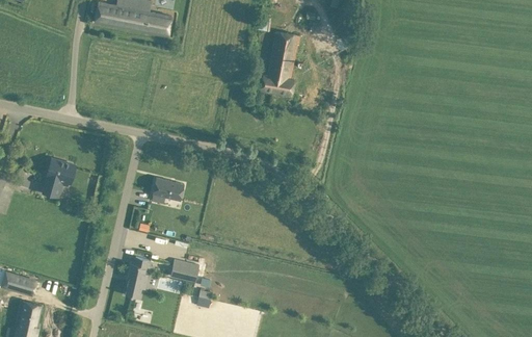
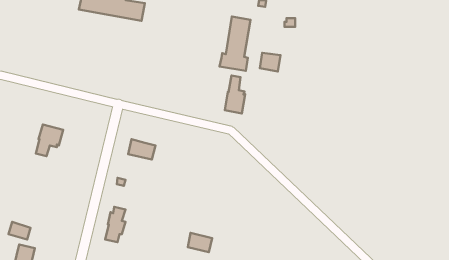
building: none -> [260,53,280,71]
building: none -> [225,75,245,113]
building: [170,258,200,281] -> [188,233,212,252]

